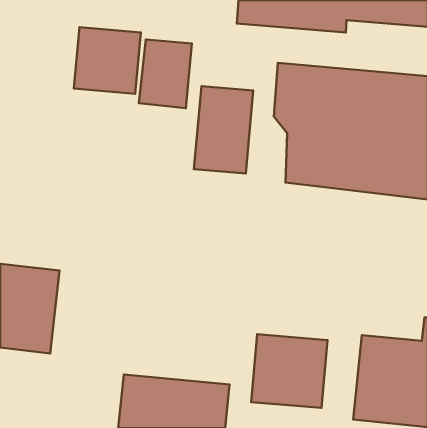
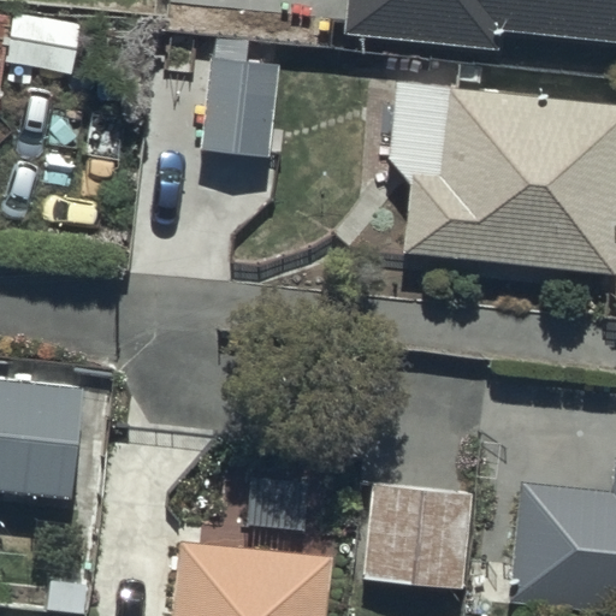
building: [74,27,141,94] -> none
building: [194,86,253,174] -> none

